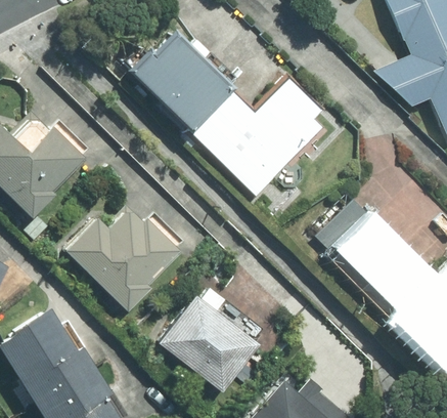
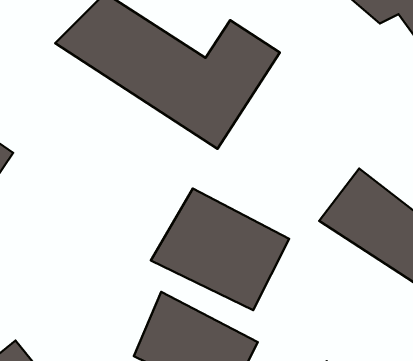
building: [51,201,167,308] -> none
building: none -> [151,189,289,310]

